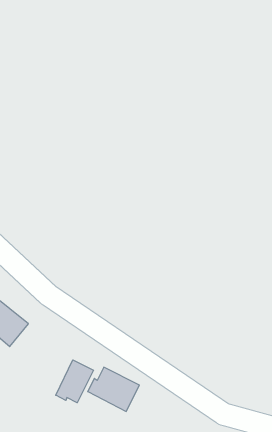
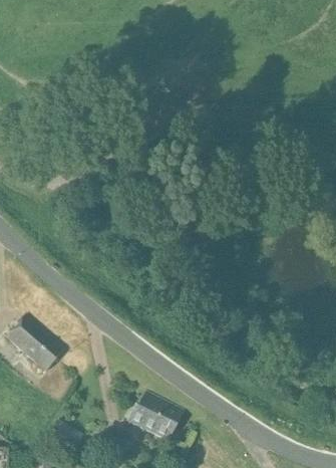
building: [56,360,93,403] -> none

